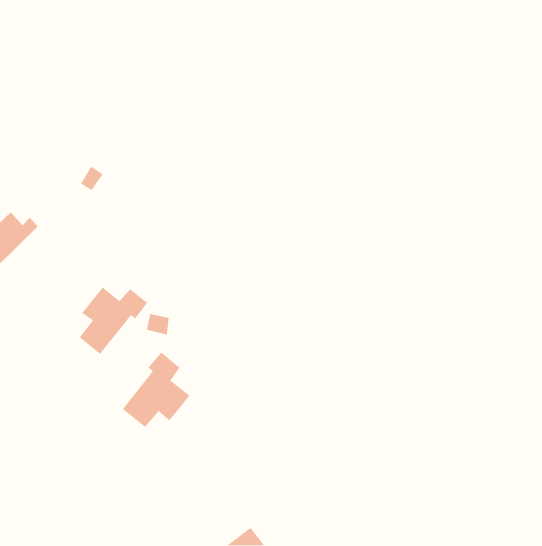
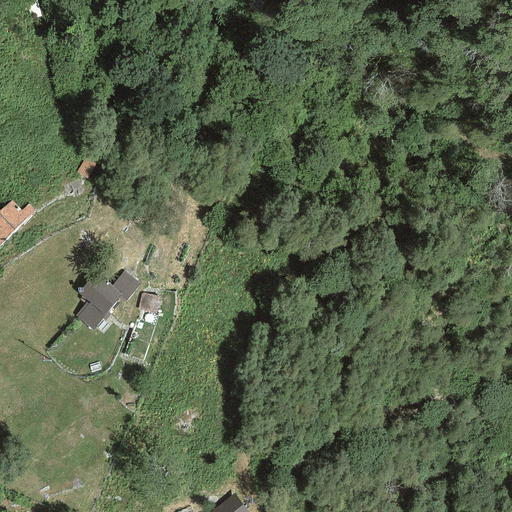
building: [122,351,191,428] -> none

